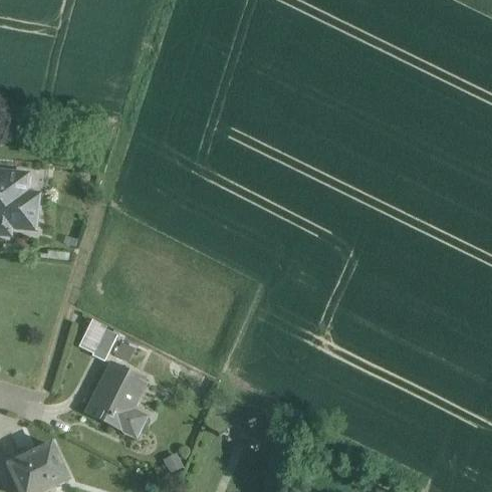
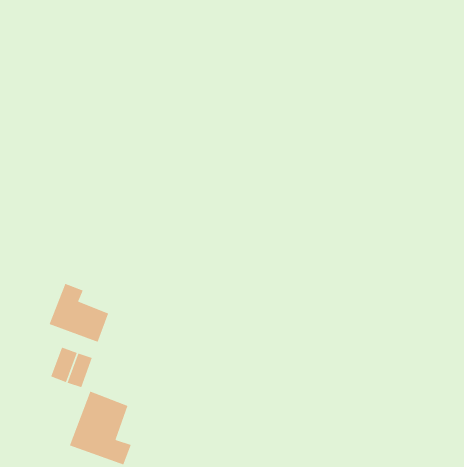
building: none -> [49,283,109,343]

